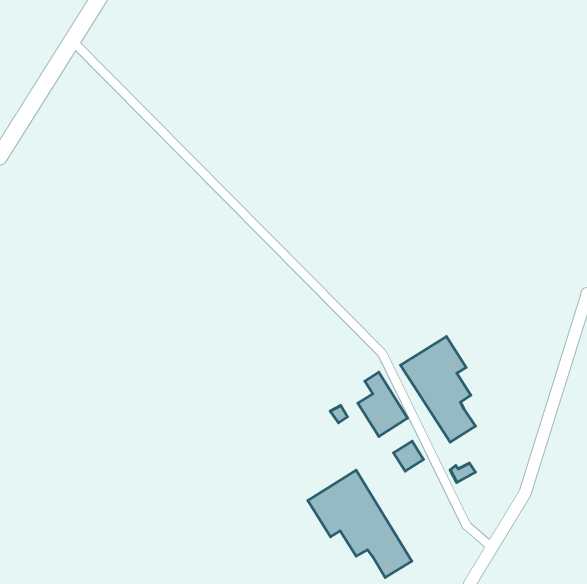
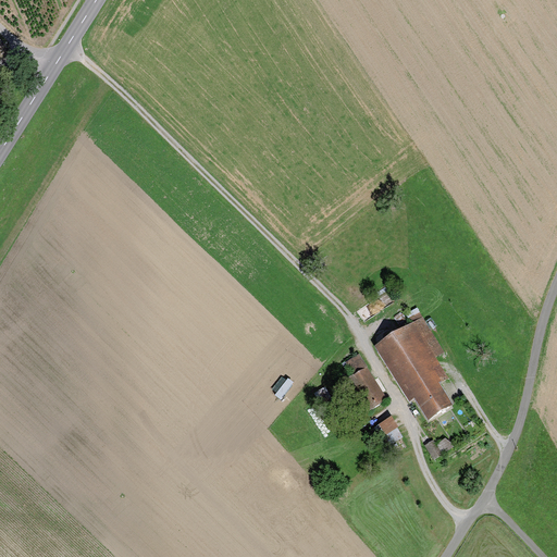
building: [308,470,412,578] -> none

